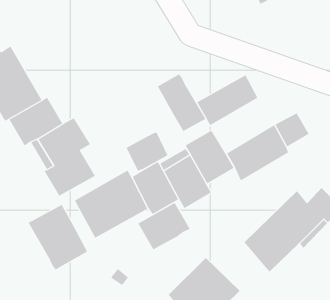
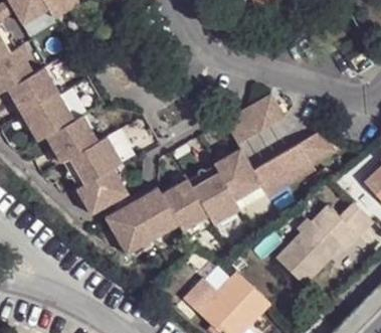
building: [157,74,206,132] -> none
building: [126,132,168,172] -> none
building: [138,202,190,250] -> none
building: [28,204,88,270] -> none

